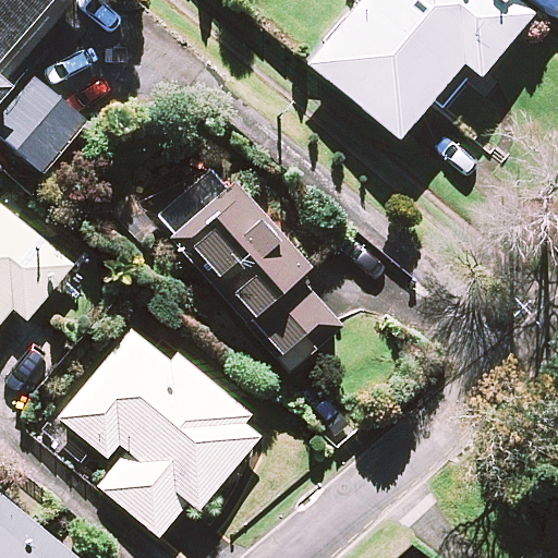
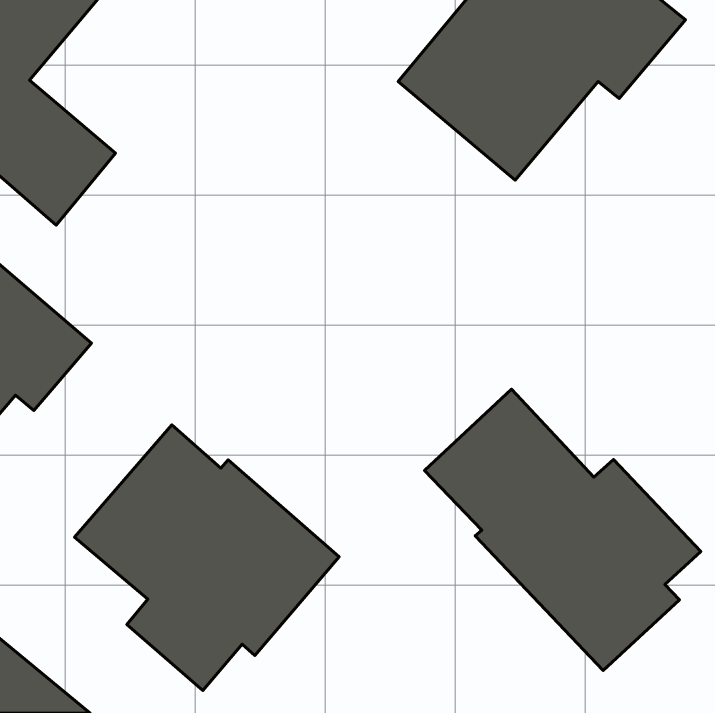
building: [150,160,354,368] -> none
building: none -> [424,389,701,670]

